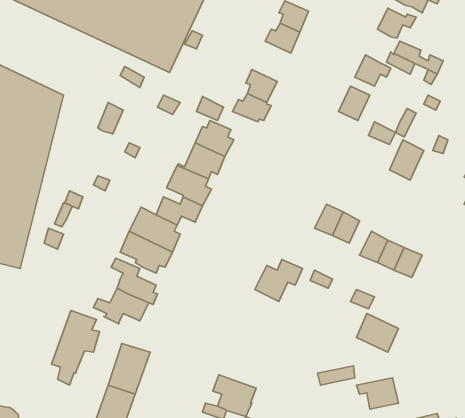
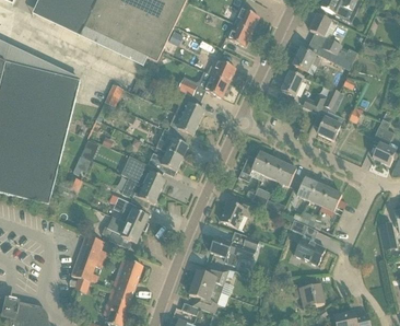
building: none -> [242,151,272,175]
building: none -> [209,234,259,264]
building: none -> [193,264,230,291]

